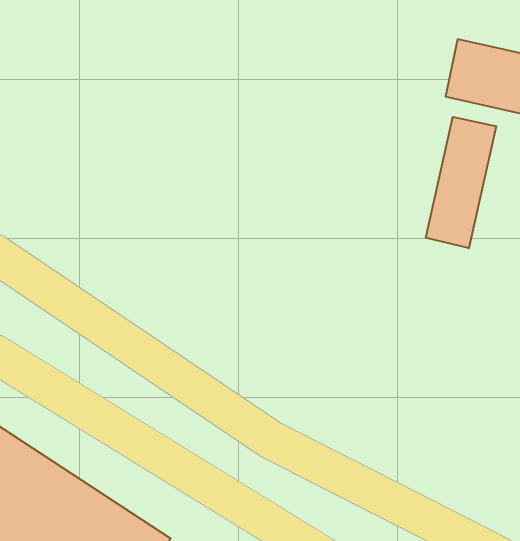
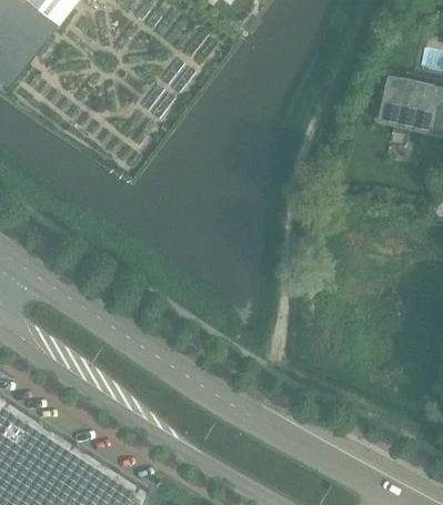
building: [426,117,496,248] -> none

